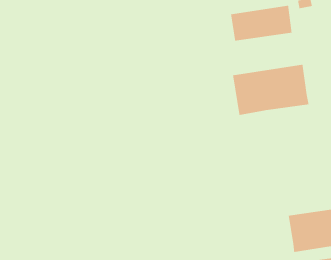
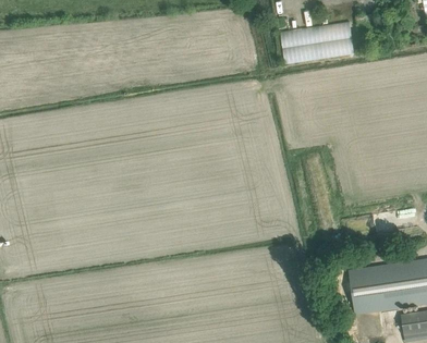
building: [232,64,310,116] -> none

